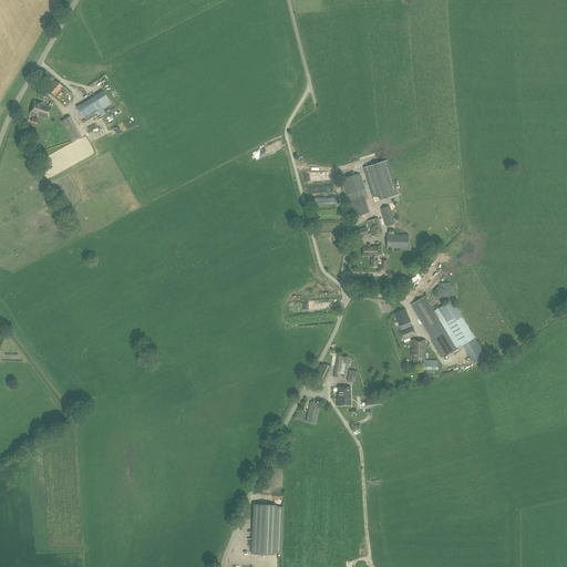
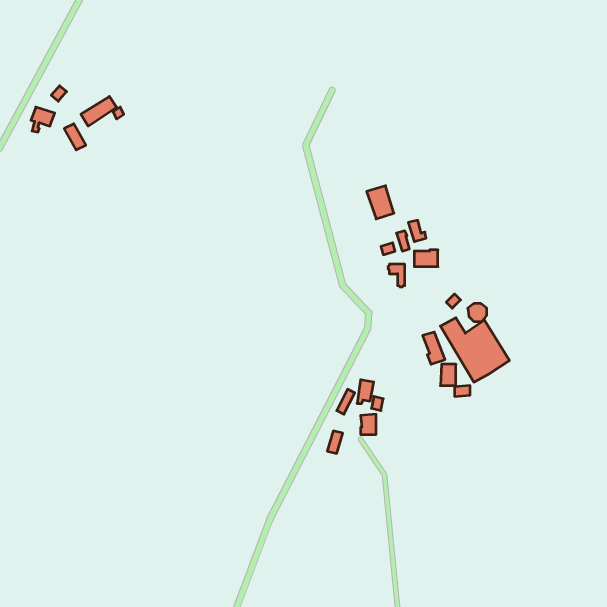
building: [368,159,396,199] -> none
building: [250,503,282,554] -> none

